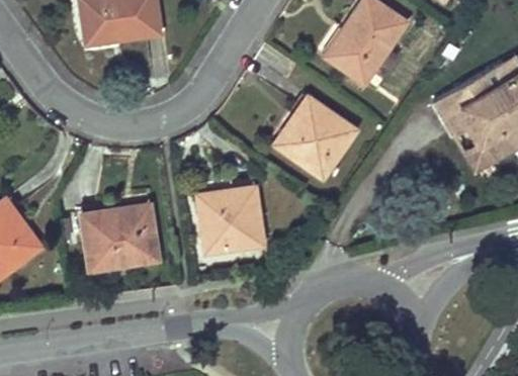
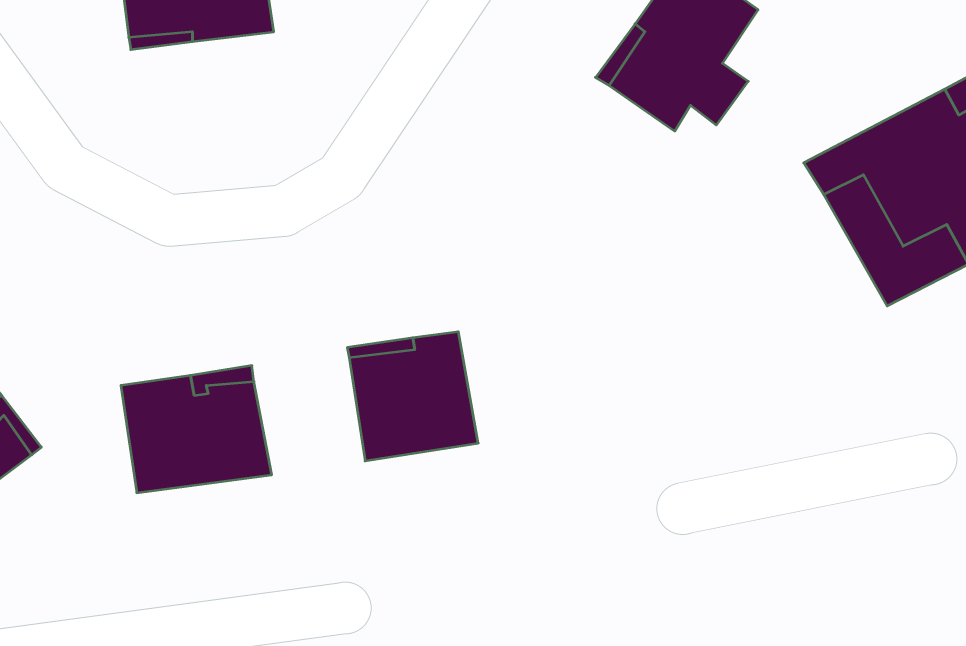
building: [275,97,356,177] -> none

